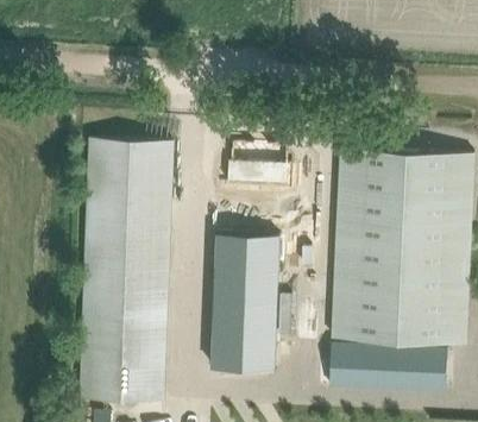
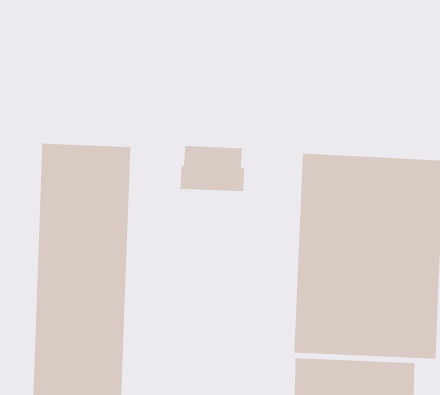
building: [213,231,282,366] -> none

